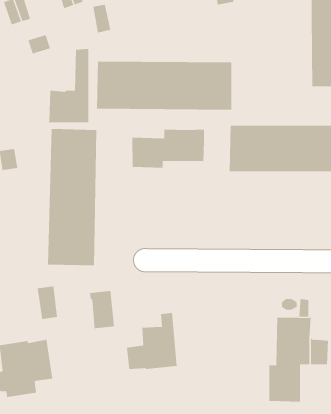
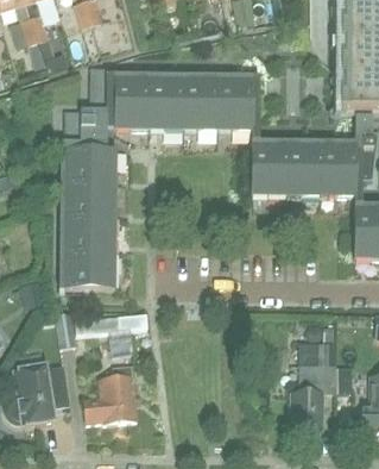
building: [132,129,205,168] -> none
building: [126,313,177,370] -> [83,363,135,421]

